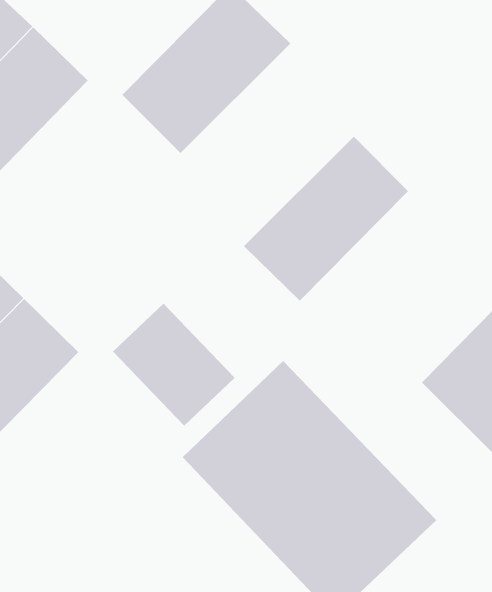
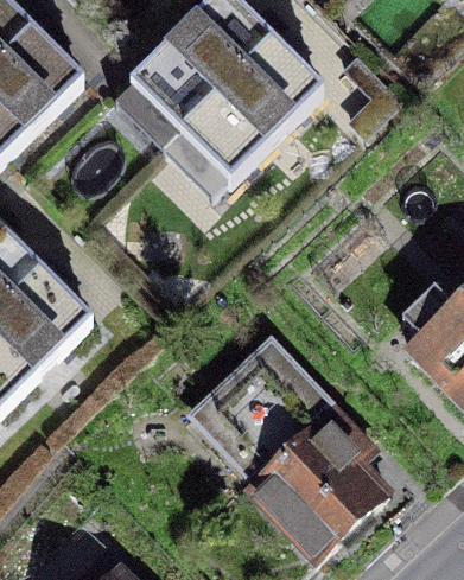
building: [243,136,409,301] -> [172,44,322,193]
building: [112,303,235,426] -> none

